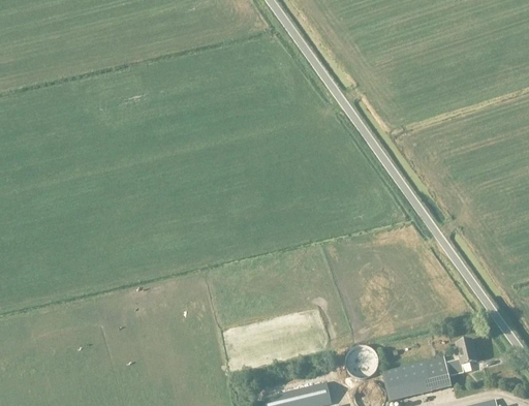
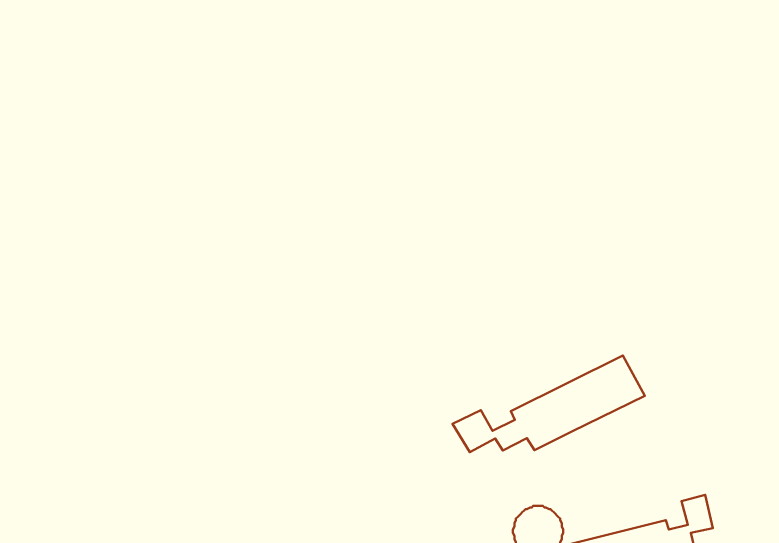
building: none -> [453,356,645,452]

